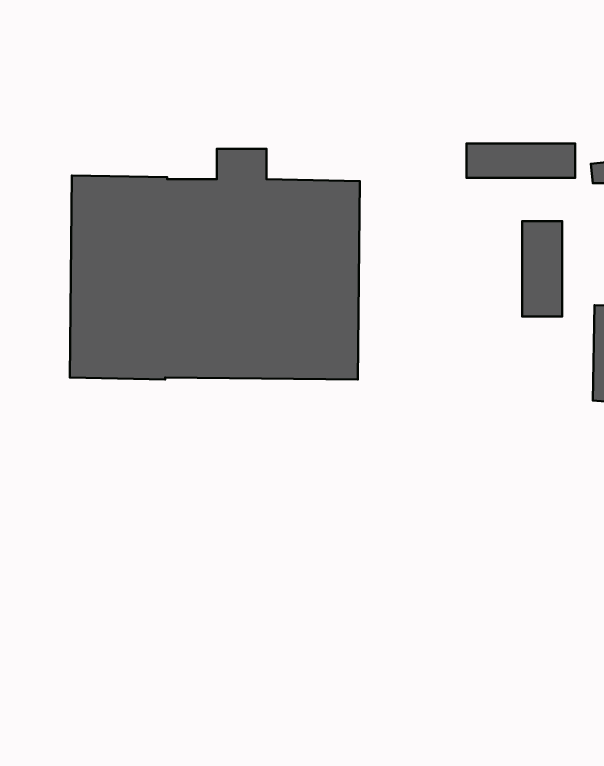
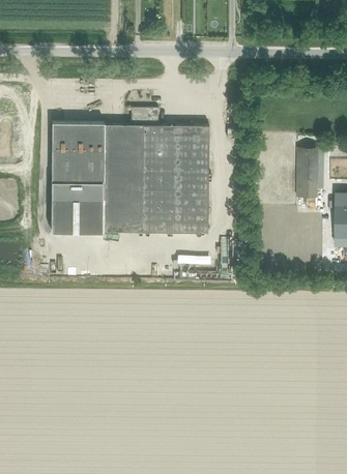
building: [467,144,575,178] -> none

